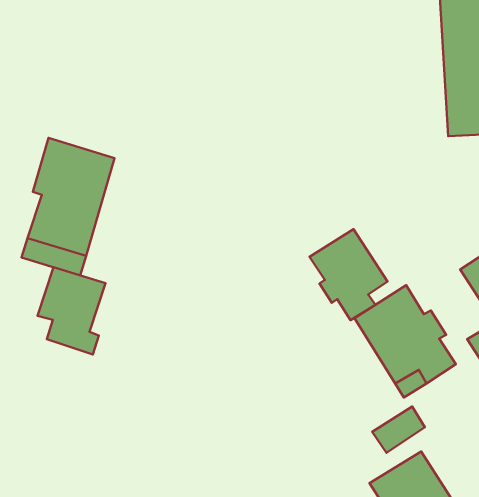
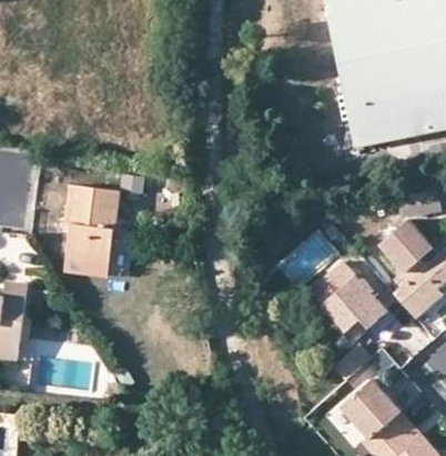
building: [310,229,387,320] -> none
building: [37,267,106,355] -> none

